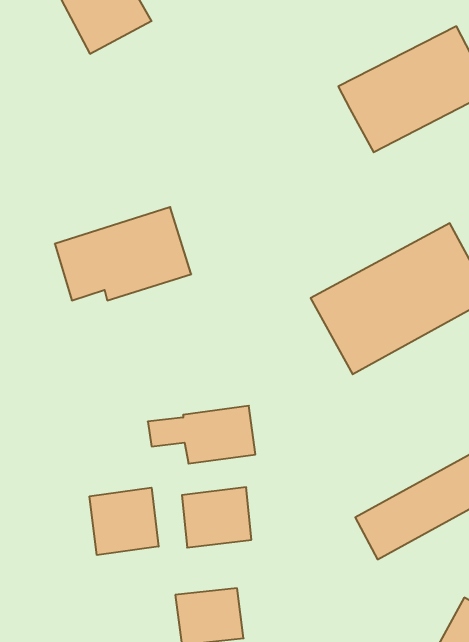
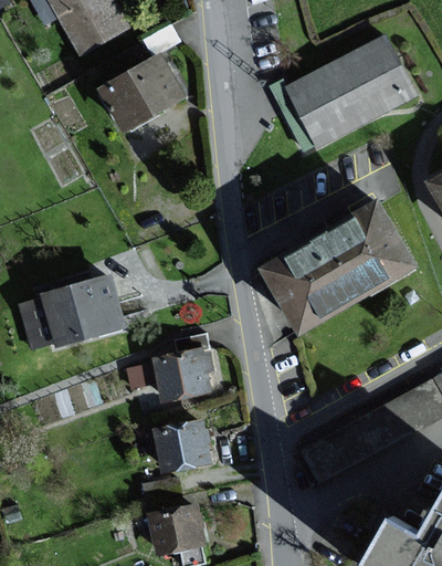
building: none -> [103,57,188,133]
building: [55,207,191,300] -> [14,276,129,355]
building: [90,488,159,555] -> none

